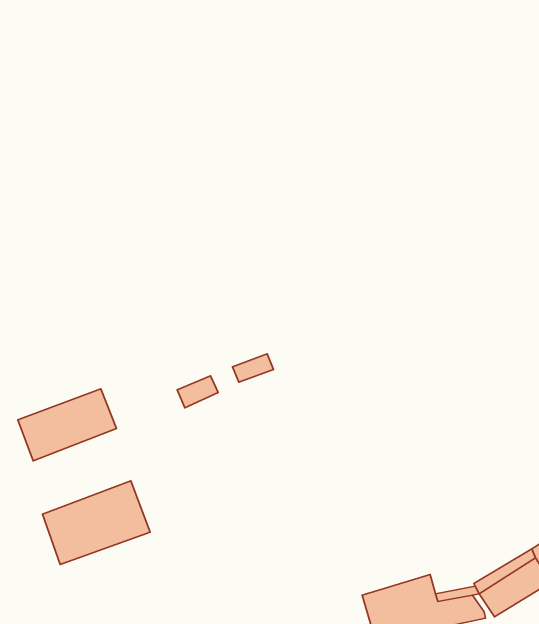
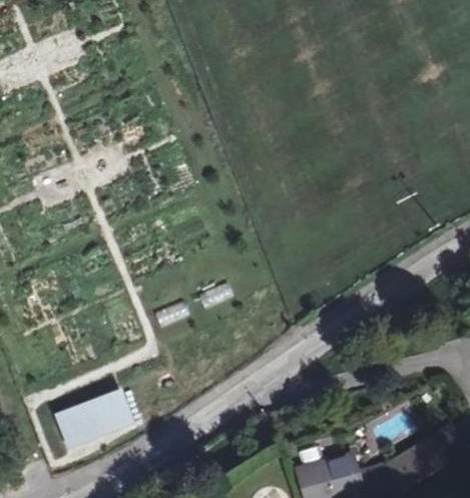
building: [18,389,116,461] -> none

